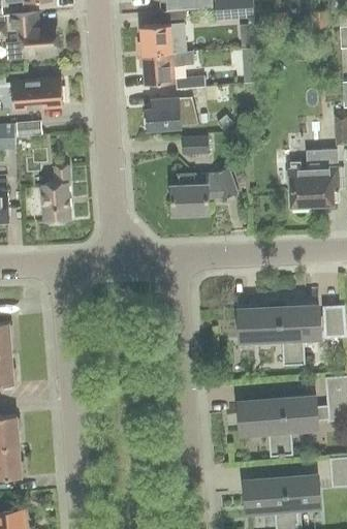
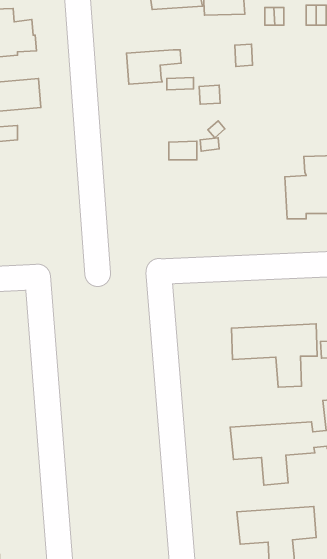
building: [139,24,186,55] -> none
building: [147,97,198,129] -> none
building: [41,167,69,221] -> none
building: [171,168,236,215] -> none

